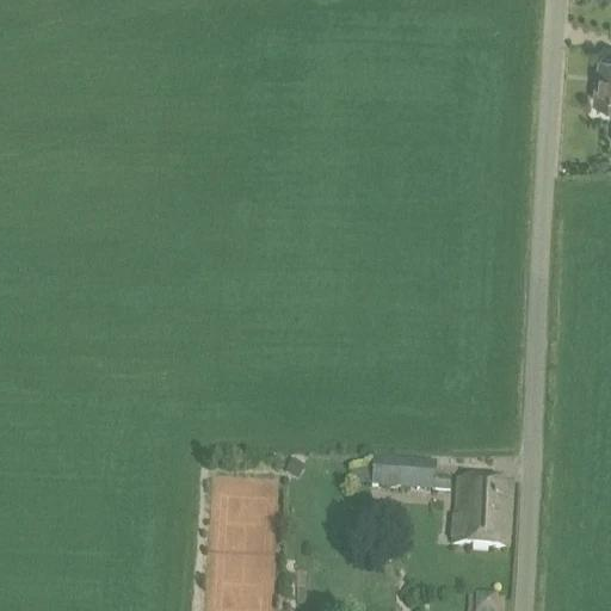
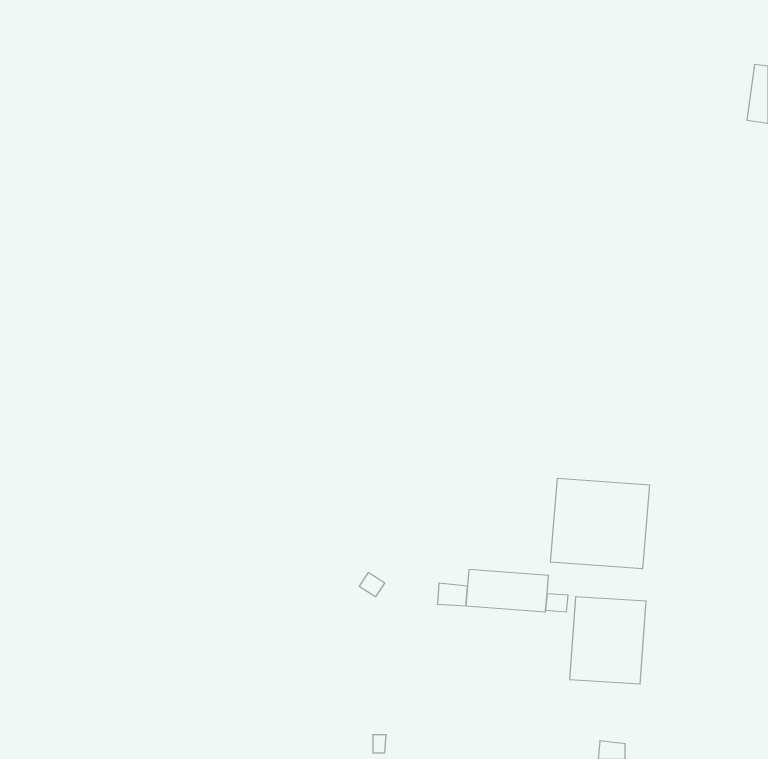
building: none -> [551,478,649,569]

